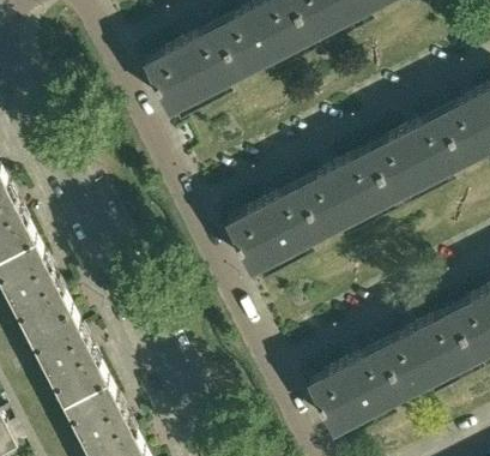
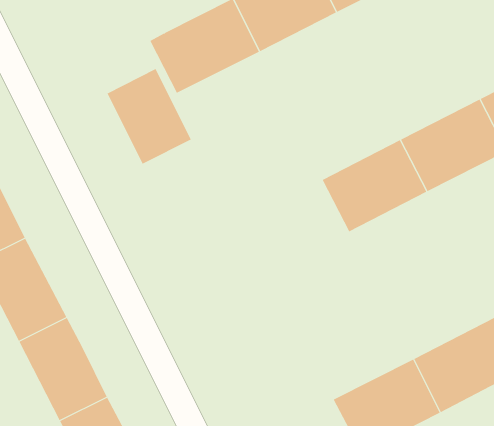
building: none -> [107,68,191,165]
building: [225,191,321,274] -> none

